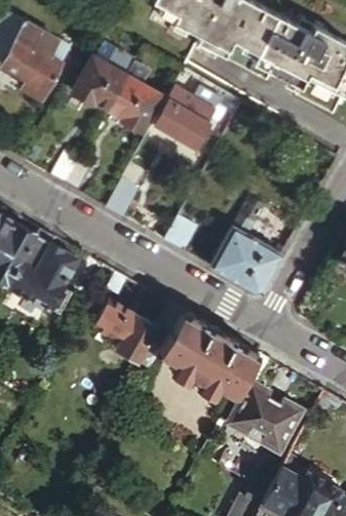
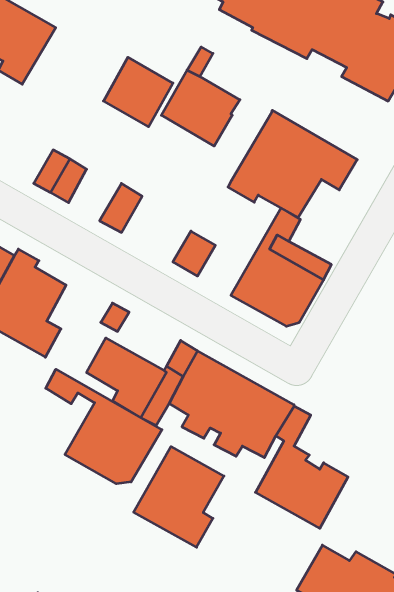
building: [72,58,125,112] -> none
building: none -> [228,110,357,217]
building: none -> [46,369,162,484]
building: none -> [134,447,224,547]

